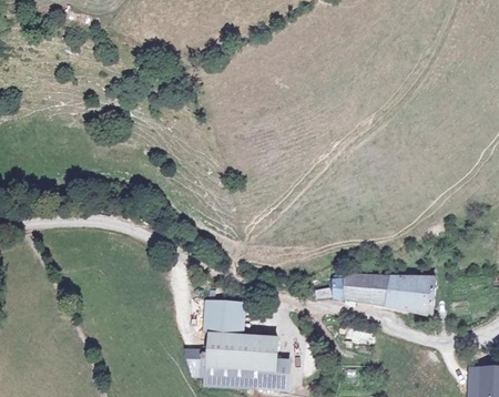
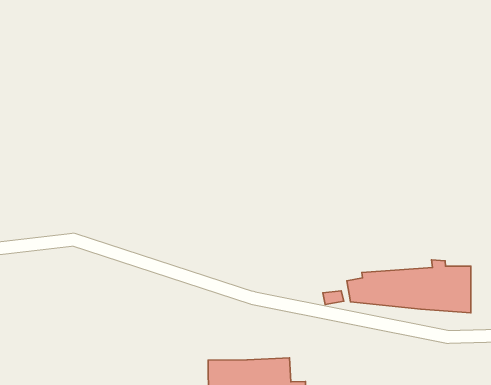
building: [203,299,245,335] -> none

